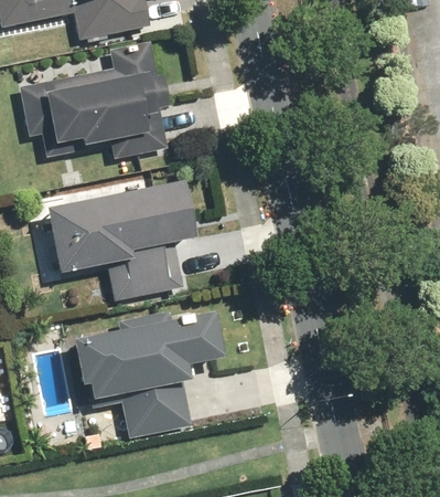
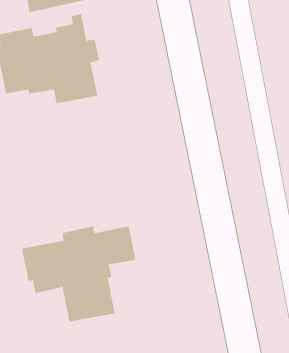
building: [53,175,193,302] -> none

